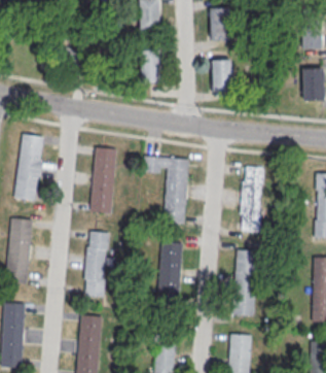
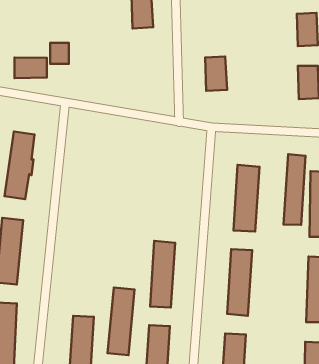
building: [210,8,231,41] -> none
building: [140,49,161,83] -> none
building: none -> [14,58,47,78]
building: [92,148,116,214] -> none
building: none -> [284,154,306,225]
building: [164,159,189,224] -> none
building: [83,231,110,298] -> [108,287,135,355]

